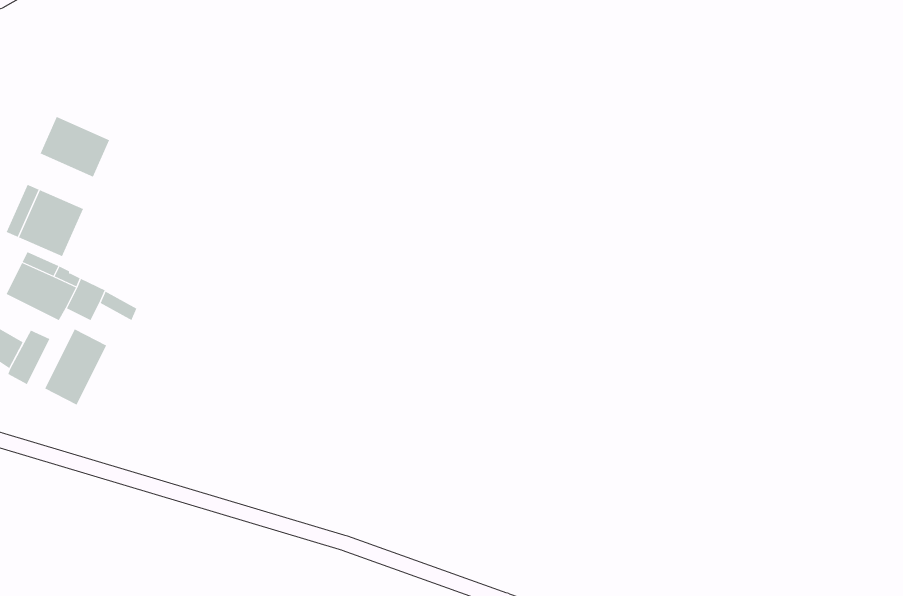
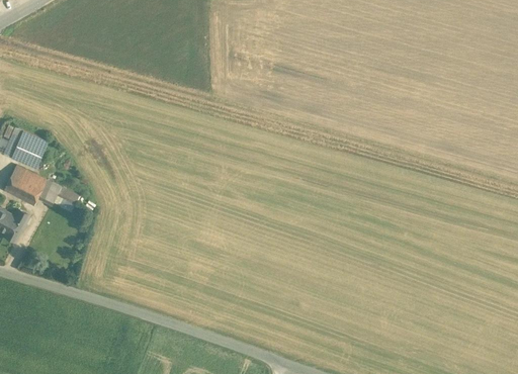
building: [40,116,110,177] -> none
building: [44,329,107,405] -> none

